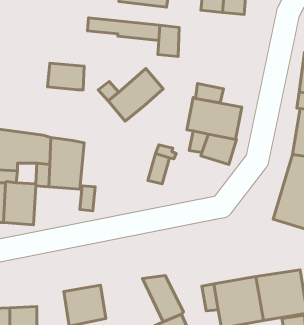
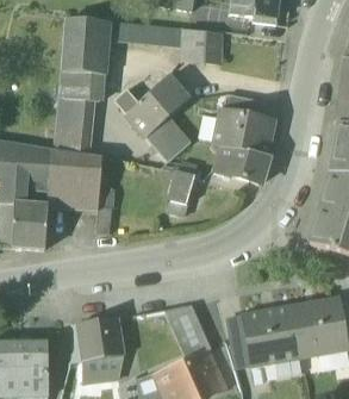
building: none -> [63,18,106,74]
building: none -> [56,96,94,156]
building: none -> [147,117,189,161]

